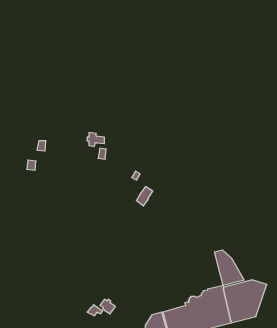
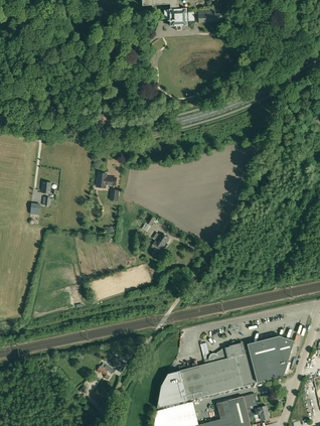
building: [215,250,244,285] -> none

